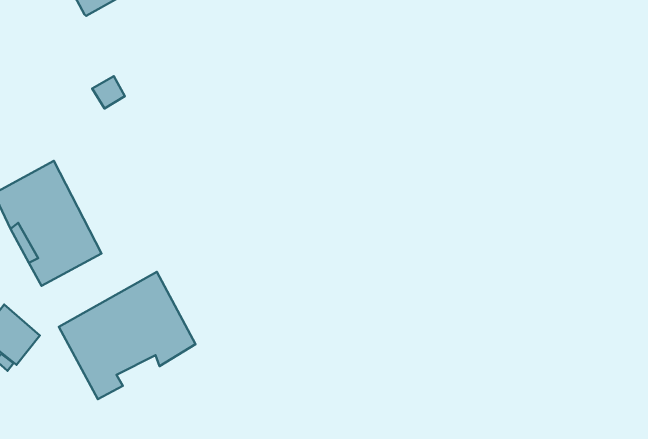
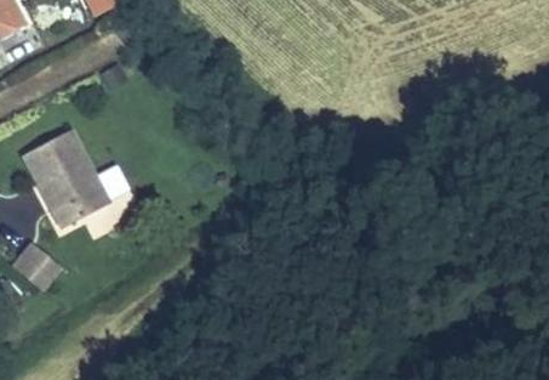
building: [59,272,196,399] -> none

